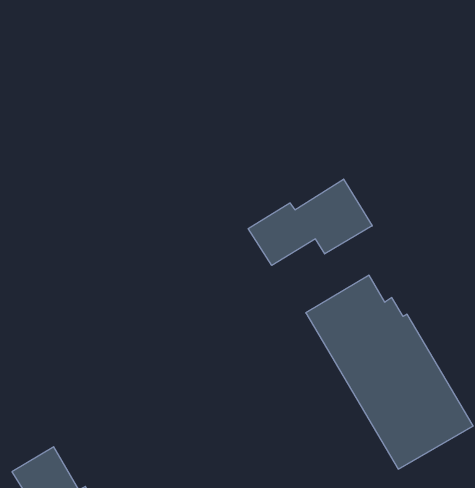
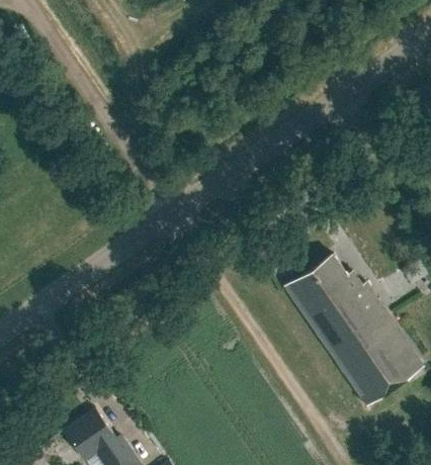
building: [248,179,372,265] -> none

